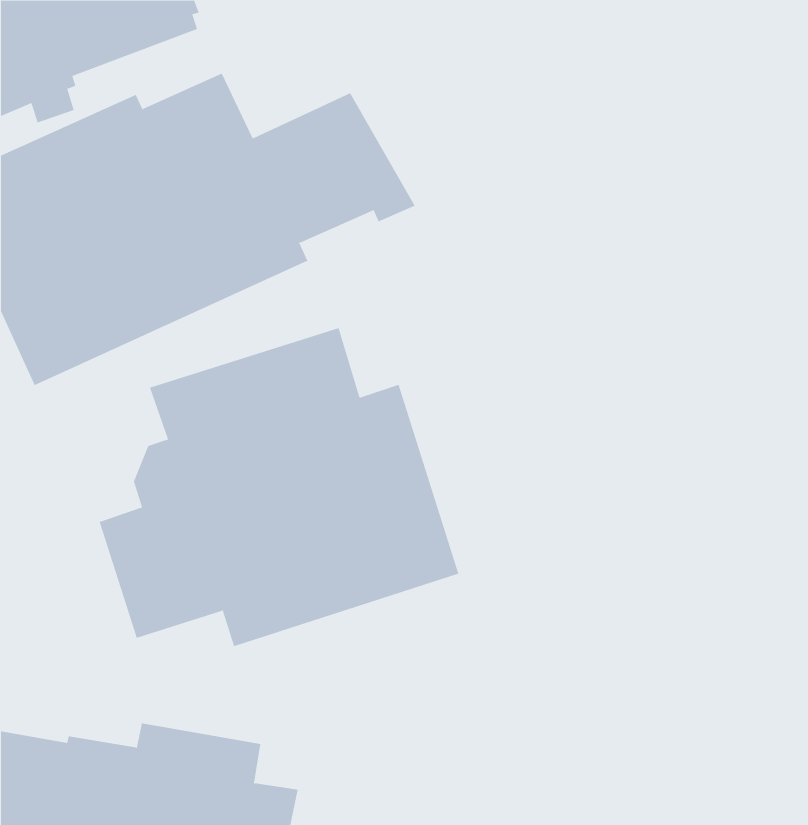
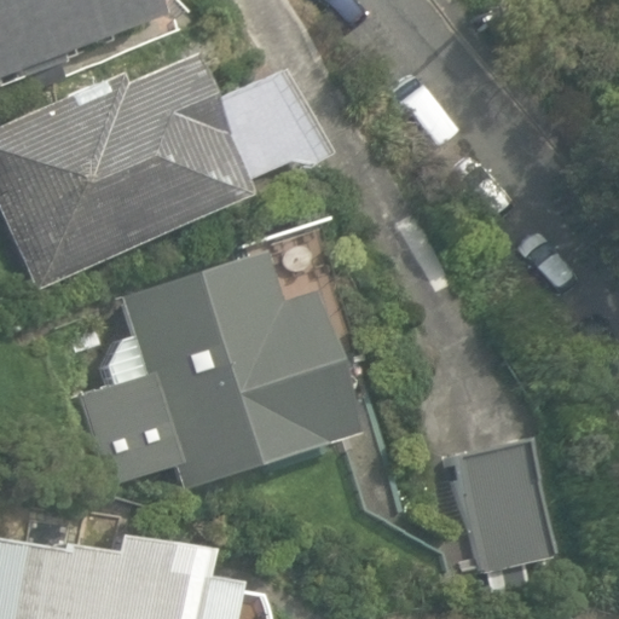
building: none -> [455,438,553,569]

